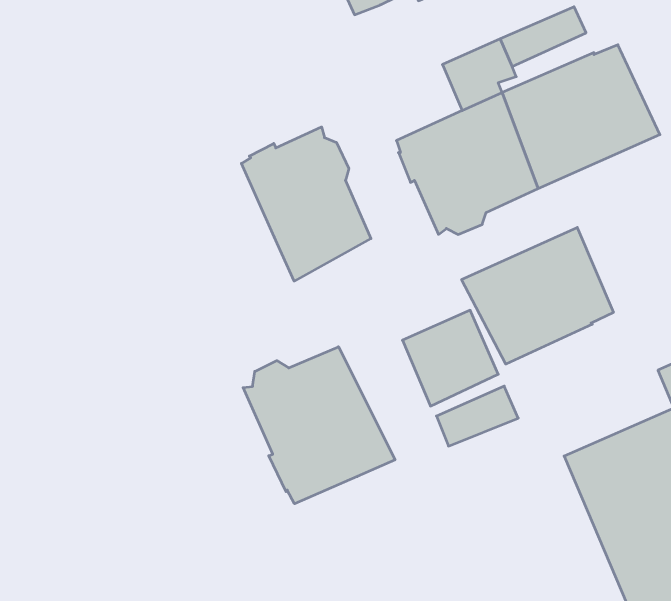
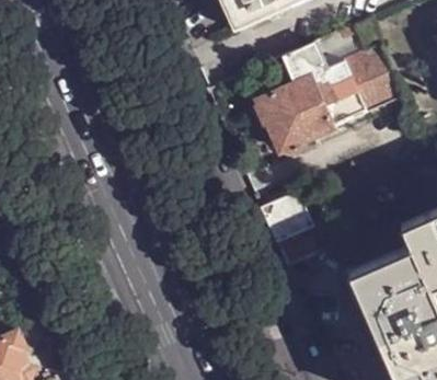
building: [241,127,371,281] -> none
building: [462,227,613,364] -> none
building: [243,347,395,504] -> none

